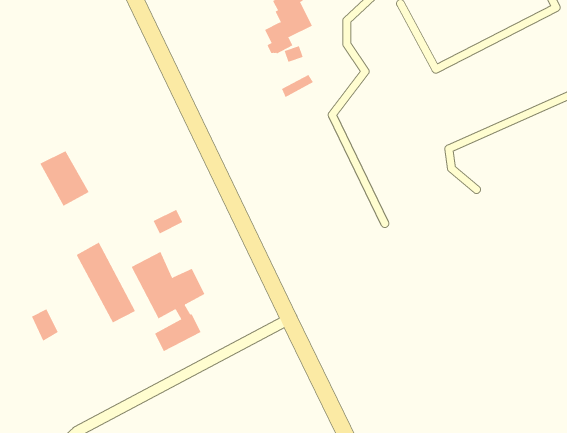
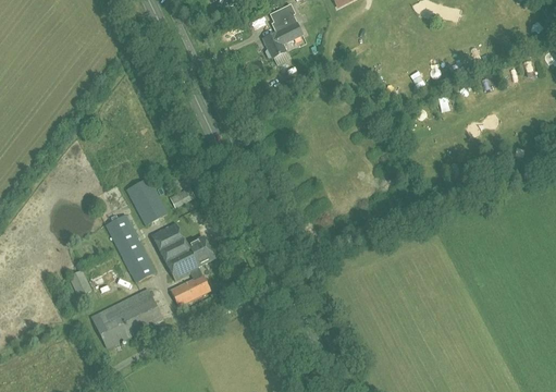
building: [40,150,89,207] -> [126,177,168,224]
building: none -> [91,287,163,347]

